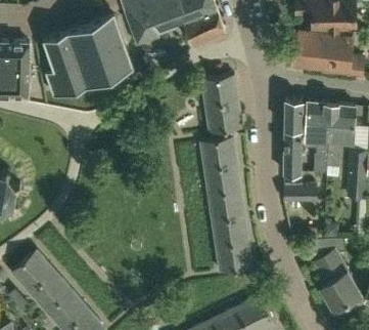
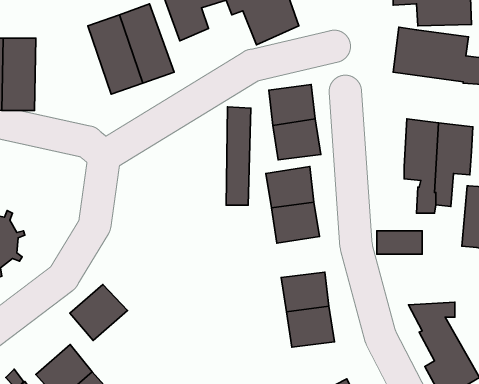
building: [45,32,85,93] -> none
building: [283,100,302,174] -> [226,107,251,205]
building: [209,190,244,220] -> none
building: [11,251,54,293] -> [70,284,127,341]

